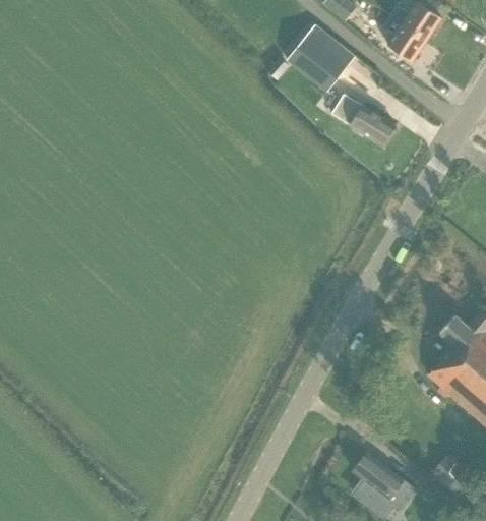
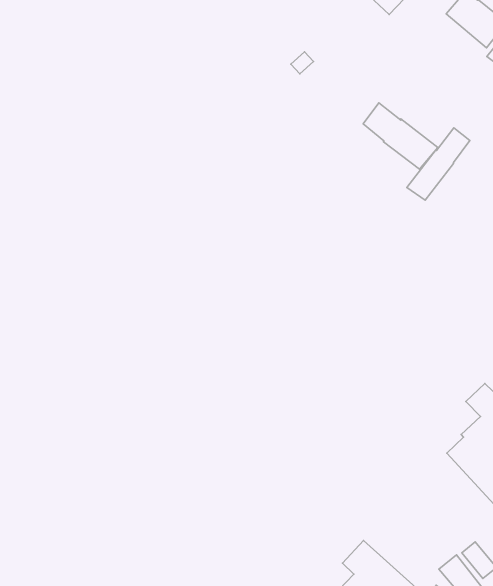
building: [383,14,427,61] -> none
building: [288,24,355,91] -> none
building: none -> [407,128,470,200]

